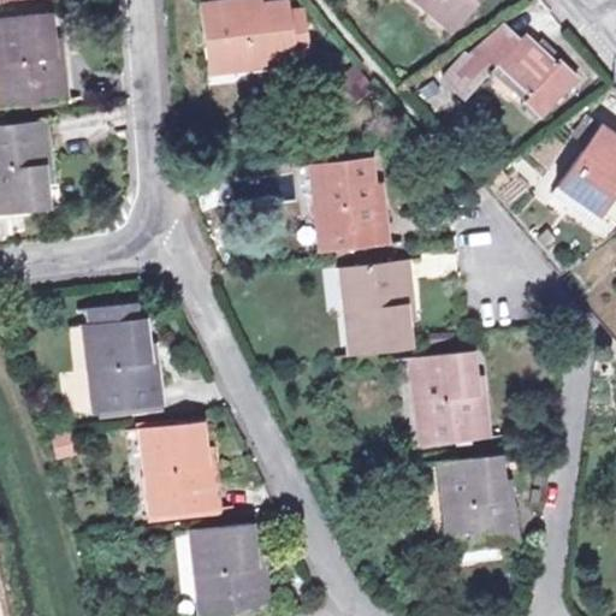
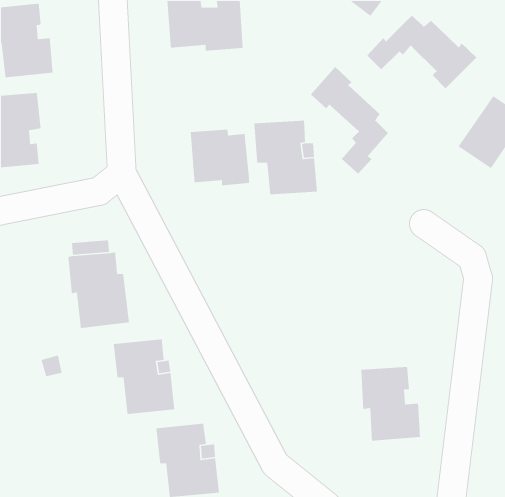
building: none -> [310,66,389,174]
building: none -> [190,129,250,186]
building: [346,262,413,353] -> none
building: [411,354,484,443] -> none

